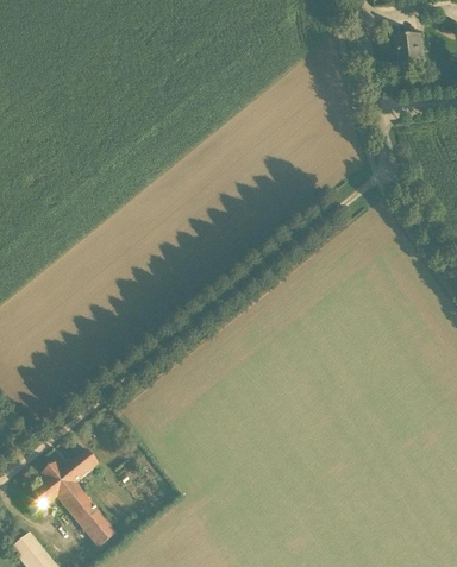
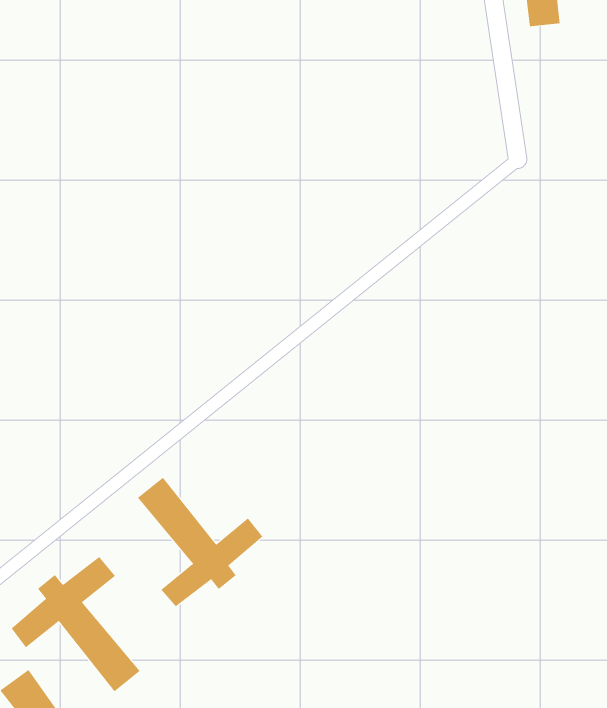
building: none -> [137,477,263,607]

